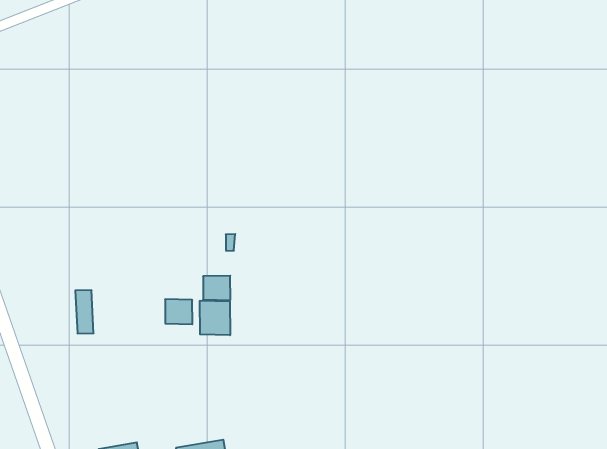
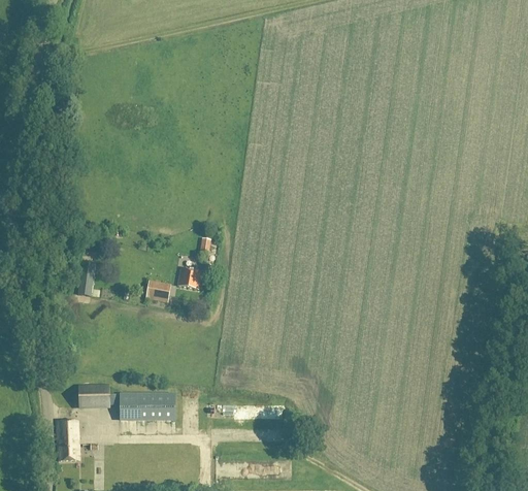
building: [200,301,230,335] -> none

